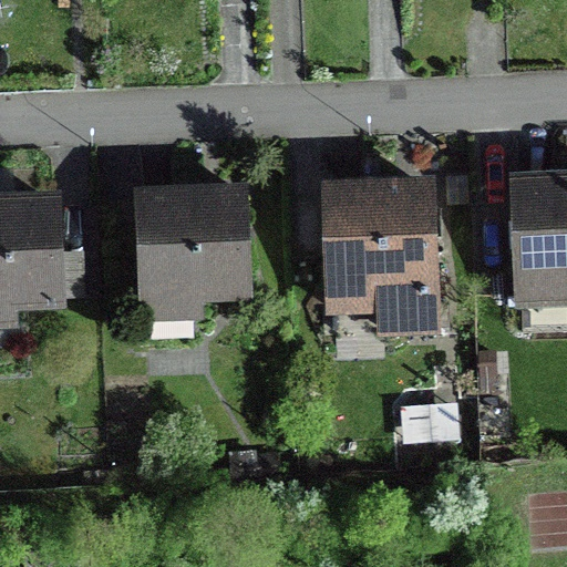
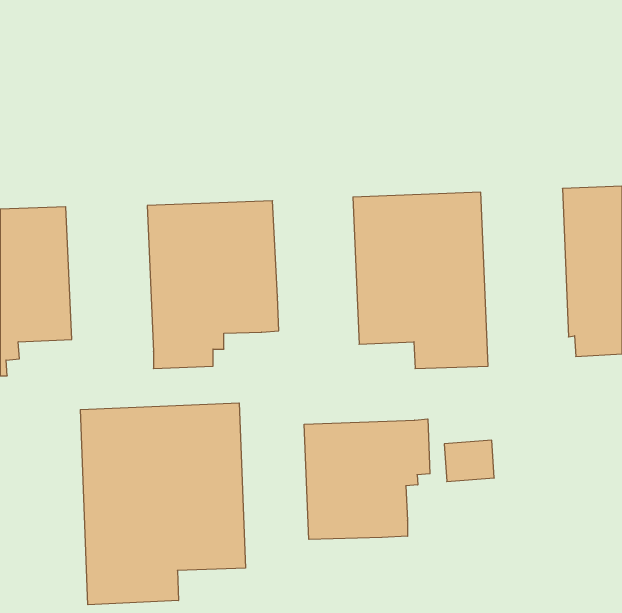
building: none -> [80,403,245,605]
building: none -> [304,419,430,539]

